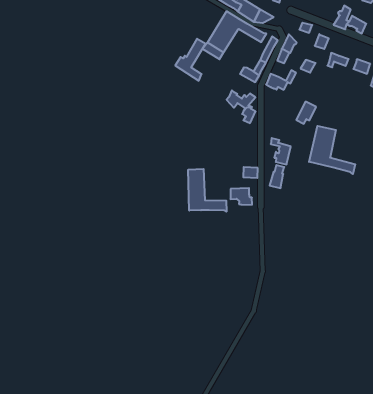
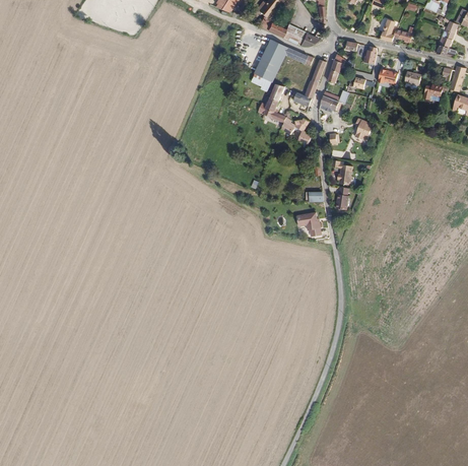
building: [175,39,205,81] -> [259,82,286,124]
building: [309,126,355,174] -> none
building: [188,169,226,212] -> none

